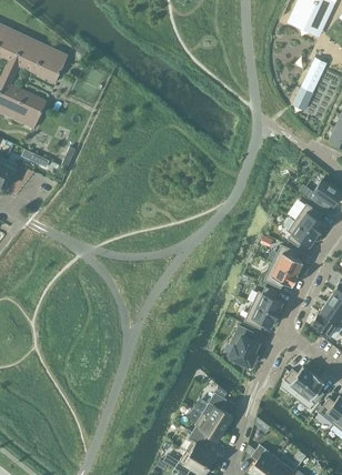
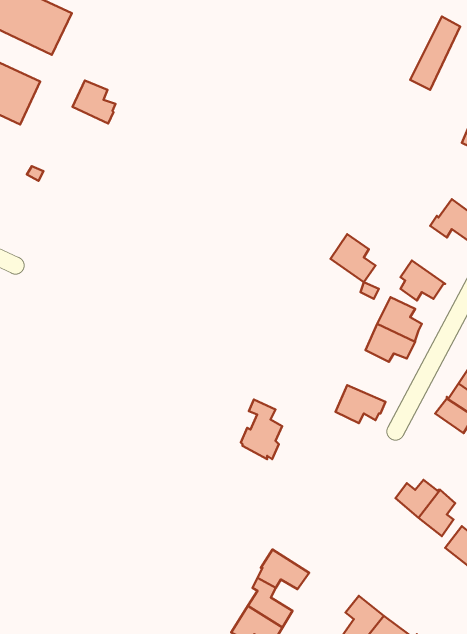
building: none -> [73,81,115,123]
building: [295,203,325,235] -> [331,234,375,282]
building: [252,286,282,314] -> none
building: [230,325,258,365] -> [241,399,282,459]
building: [202,392,232,428] -> none

